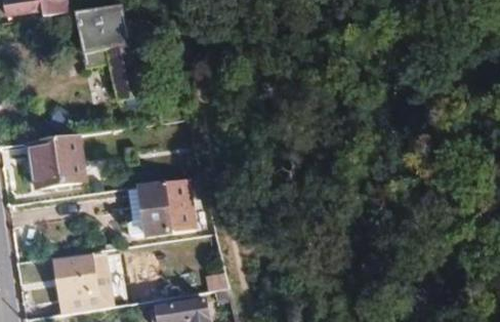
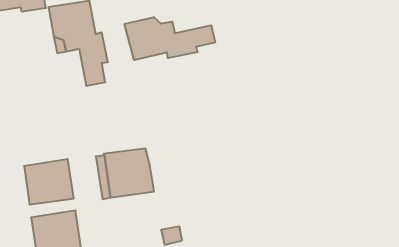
building: none -> [124,17,215,60]
building: [28,134,86,188] -> [24,159,74,205]

